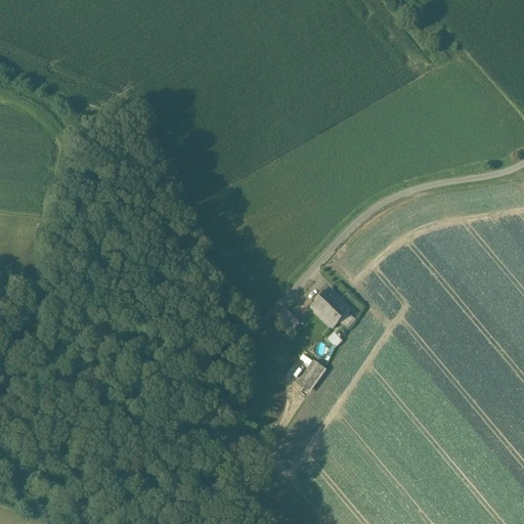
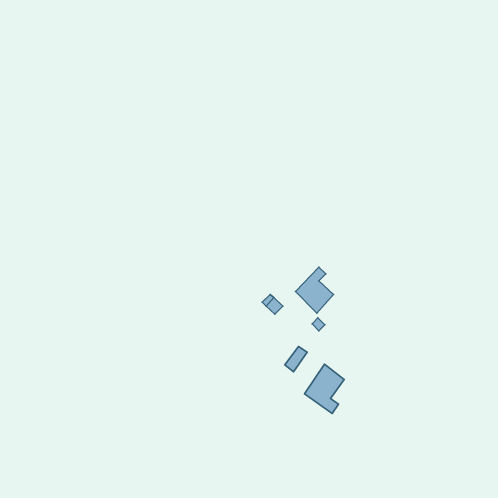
building: none -> [304,364,344,413]

